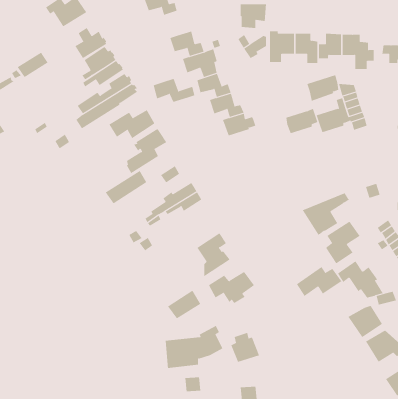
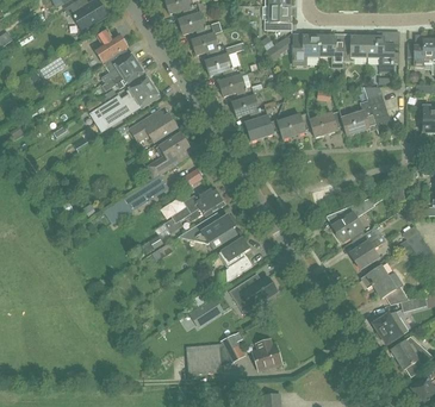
building: [306,75,339,102] -> [276,112,310,139]
building: [153,78,195,103] -> [178,12,220,37]
building: none -> [178,214,235,246]
building: [296,266,342,297] -> none

